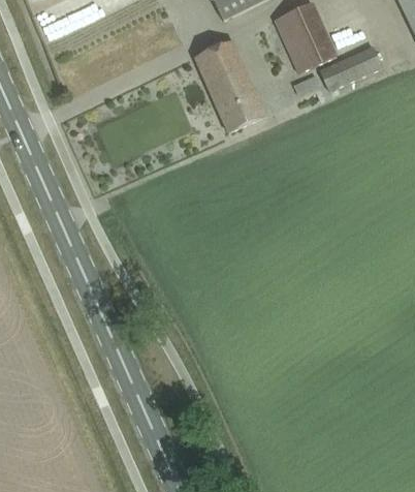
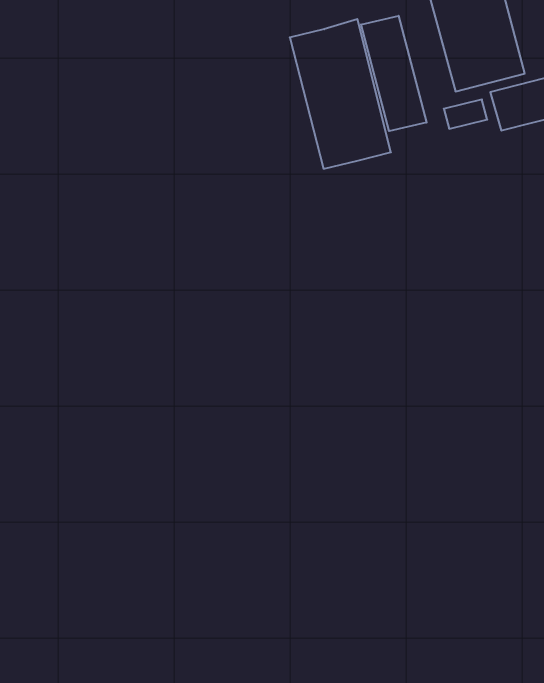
building: none -> [361,16,427,131]

